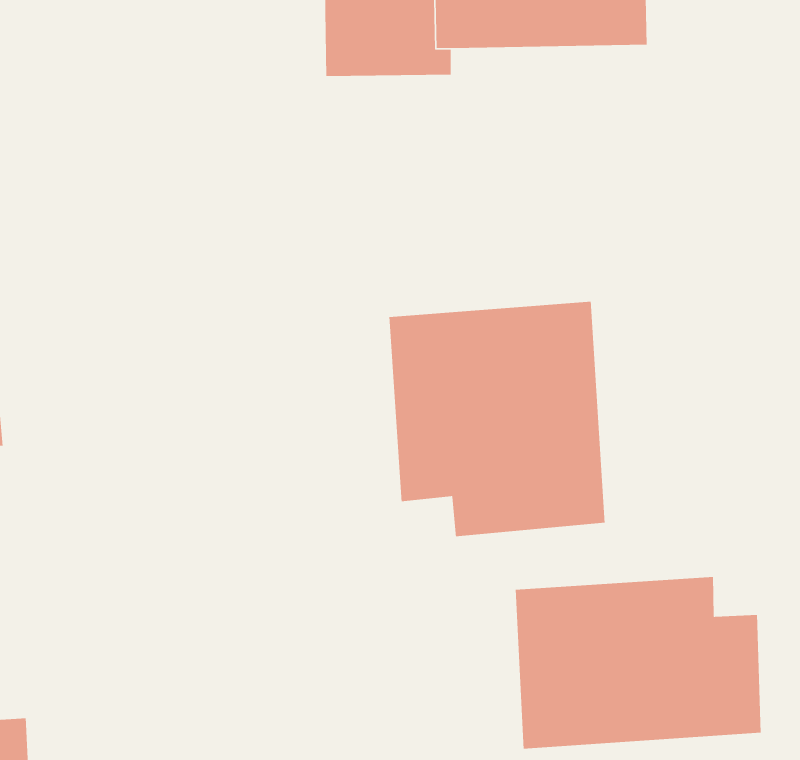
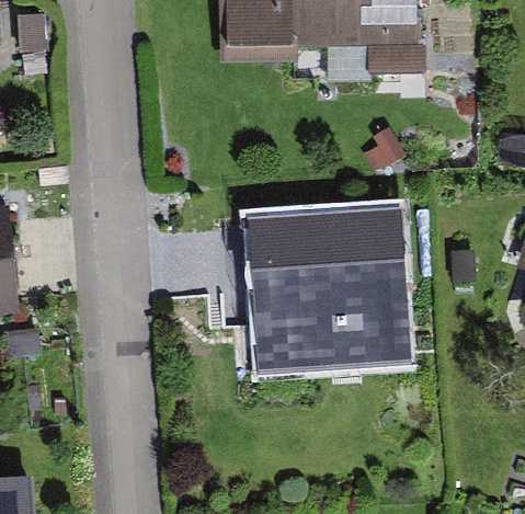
building: [515,576,761,750] -> none

